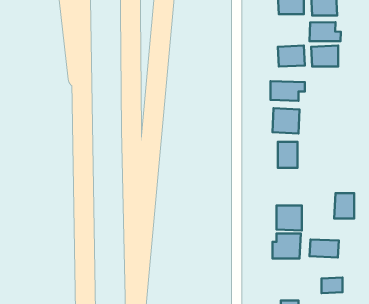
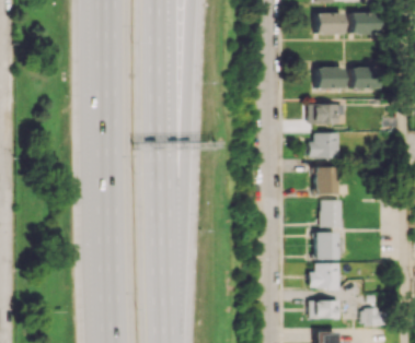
building: [310,22,341,41] -> none
building: [334,193,354,218] -> [320,201,341,227]
building: [310,240,339,257] -> [309,300,339,319]

